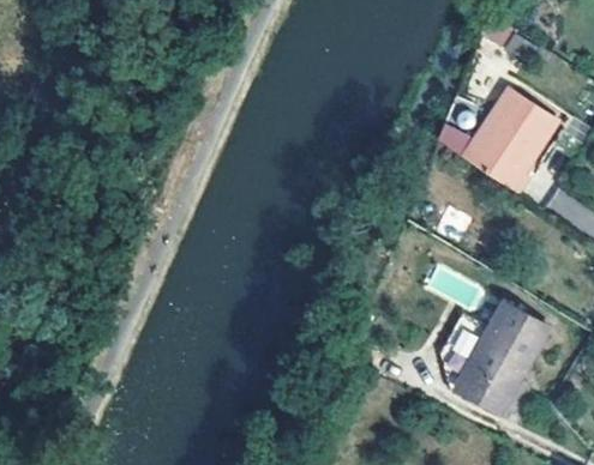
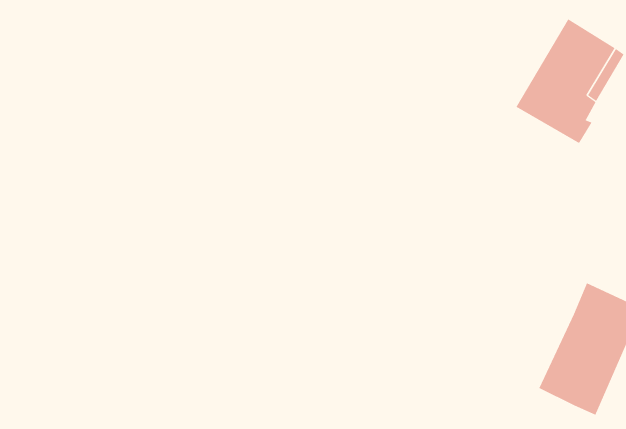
building: [444,315,493,407] -> none

